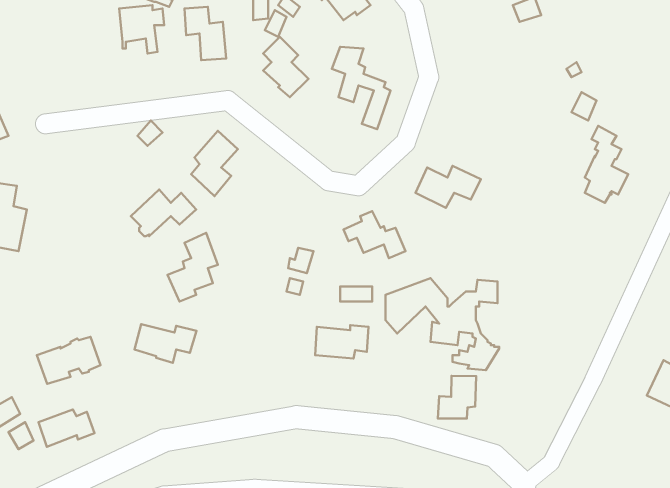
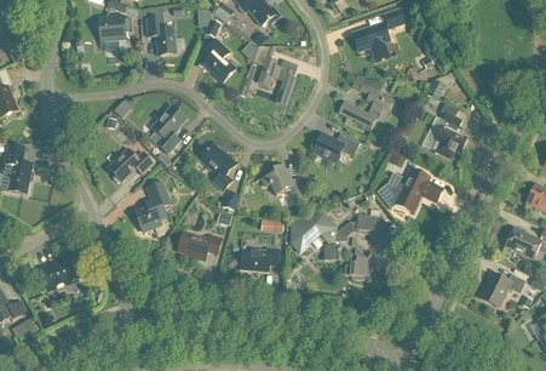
building: none -> [354,22,389,61]
building: none -> [338,78,393,127]
building: none -> [199,143,236,190]
building: none -> [375,169,442,211]
building: [134,324,196,363] -> [177,232,222,259]
building: [438,376,476,419] -> none
building: [38,409,94,447] -> none

